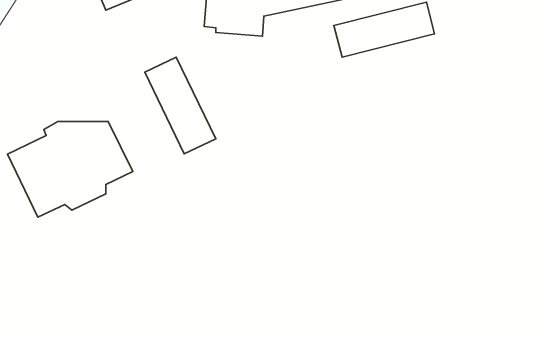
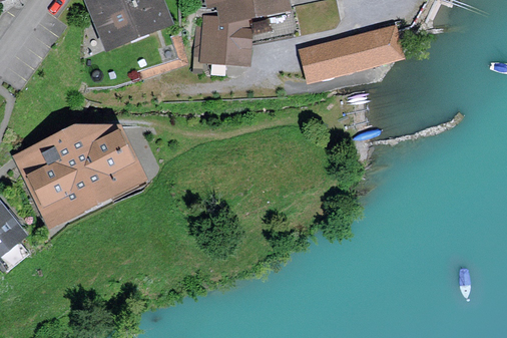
building: [145,57,216,154] -> none

